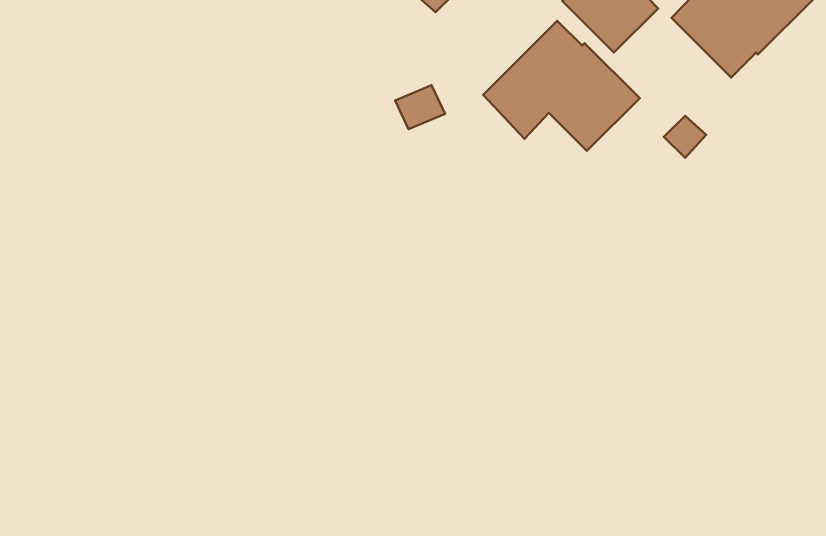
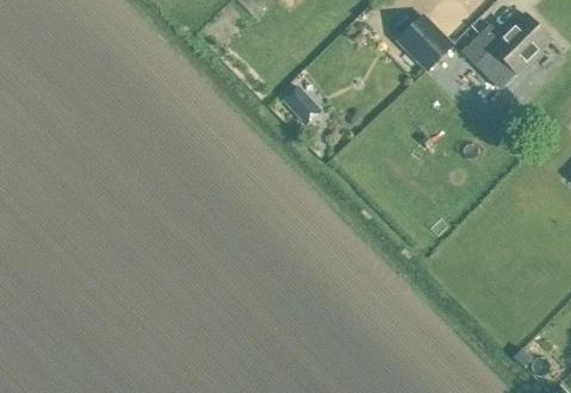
building: [483,21,640,151] -> none

